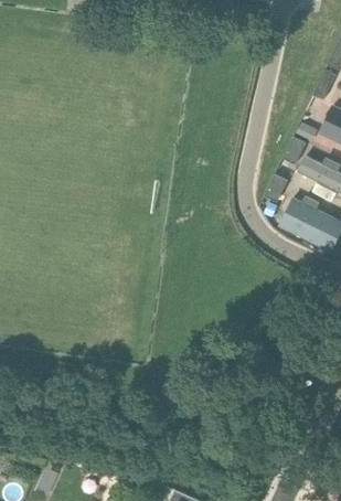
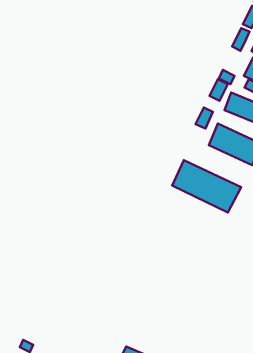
building: none -> [172,160,241,212]

